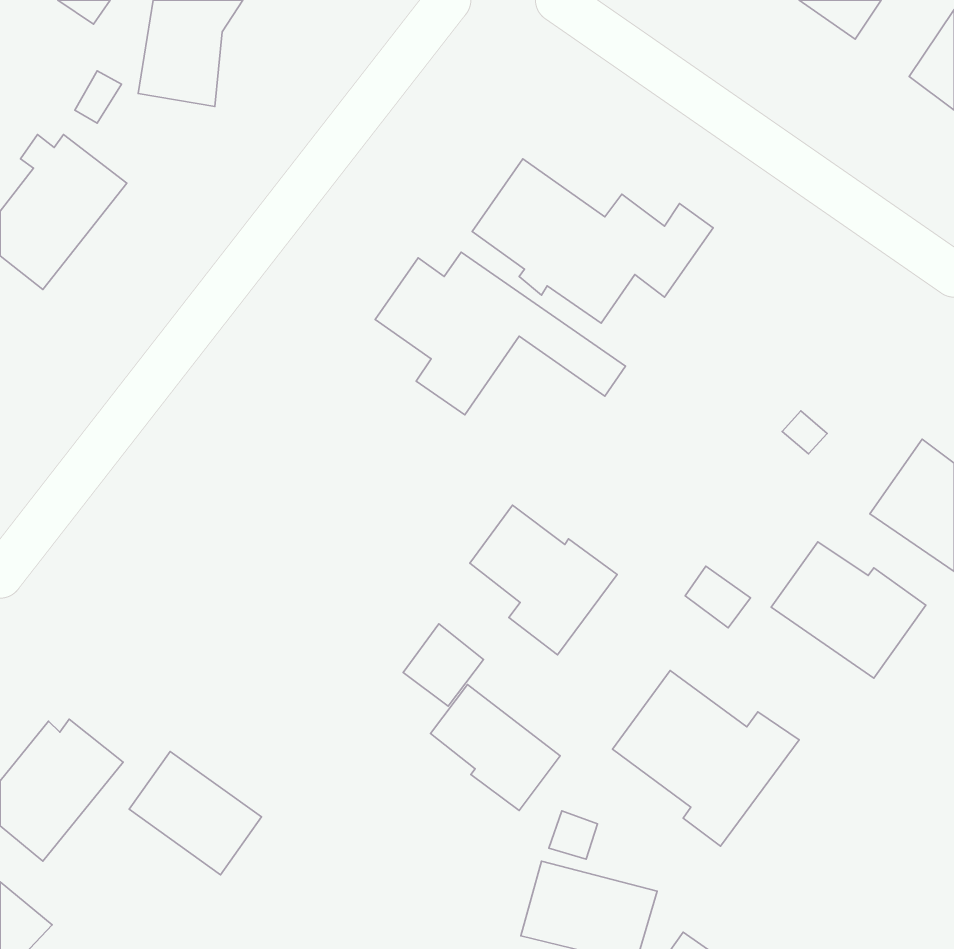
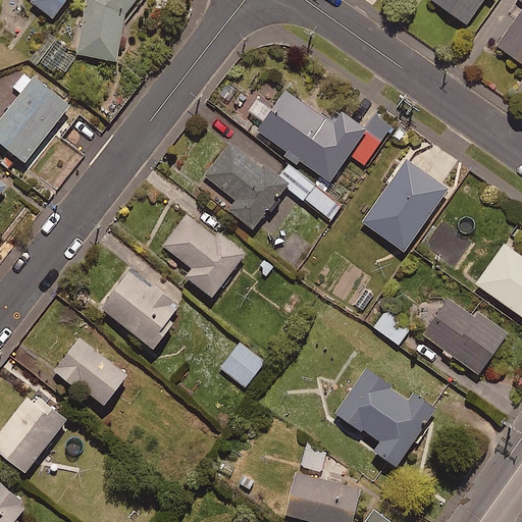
building: none -> [362,159,447,251]
building: none -> [100,268,182,348]
building: [470,505,617,655] -> [163,215,244,297]
building: [431,684,560,811] -> none
building: [129,751,262,875] -> [53,337,125,405]

